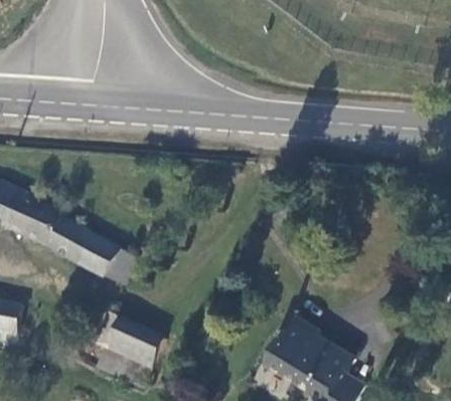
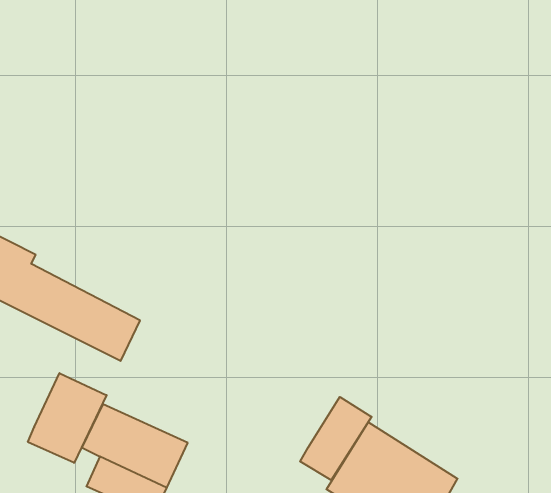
building: none -> [28,373,107,463]
building: none -> [300,397,372,480]

